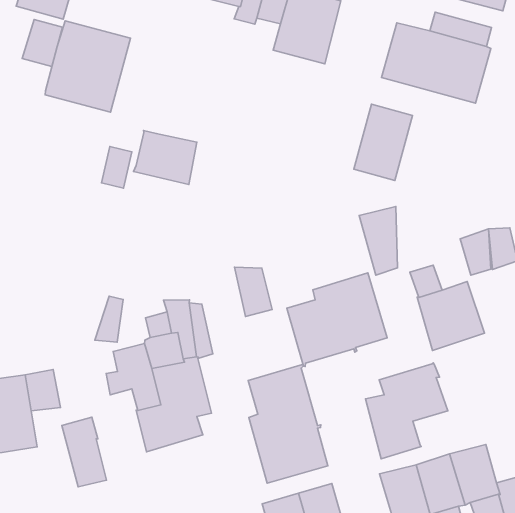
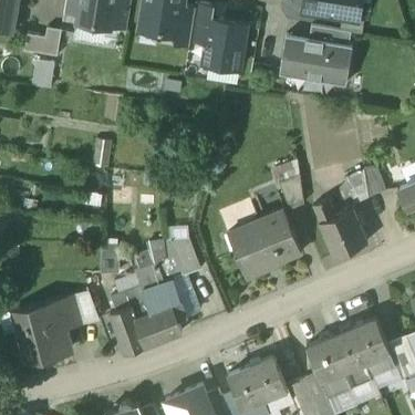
building: [45,21,130,112] -> none
building: [354,104,413,180] -> none
building: [134,131,197,185] -> none
building: [235,267,272,317] -> [172,242,200,277]
building: [366,363,448,459] -> none
building: [248,364,328,483] -> none
building: [62,417,106,487] -> [110,307,144,355]

